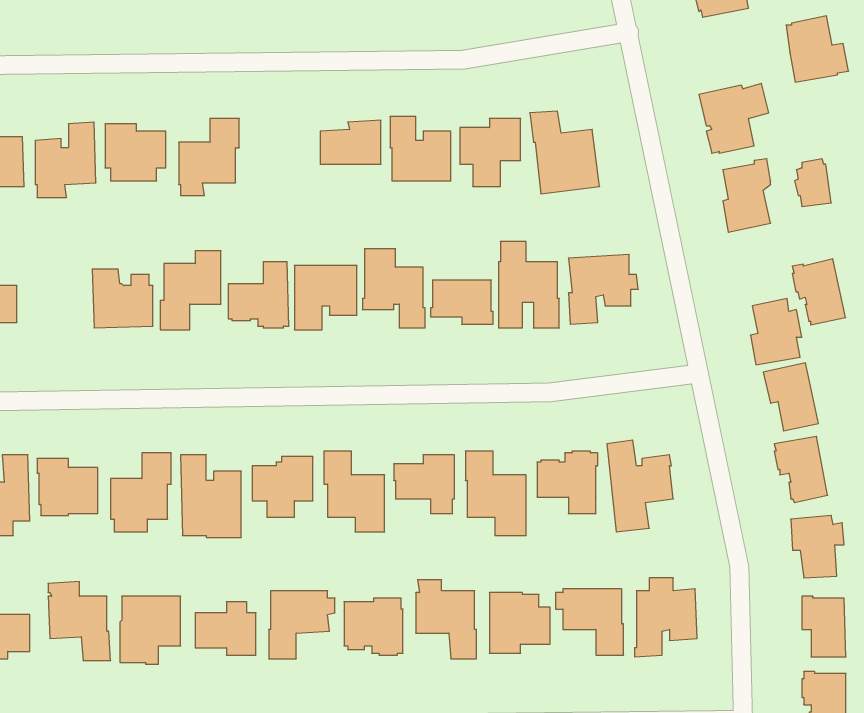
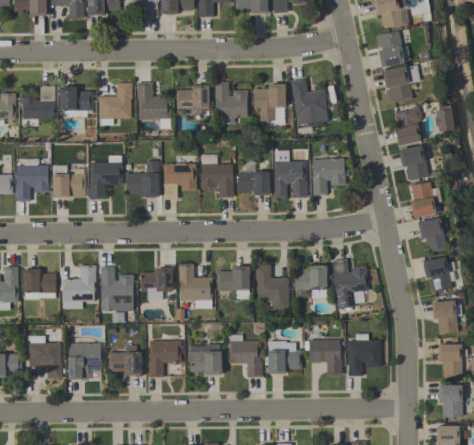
building: [786,16,849,82] -> [376,30,410,66]
building: none -> [136,82,170,128]
building: none -> [15,158,49,201]
building: [792,259,846,325] -> [399,144,428,180]

